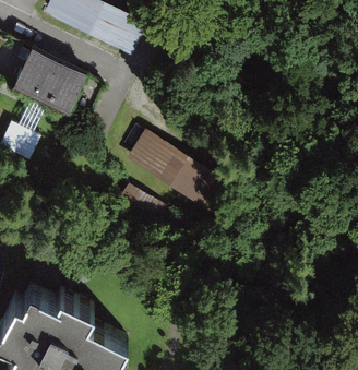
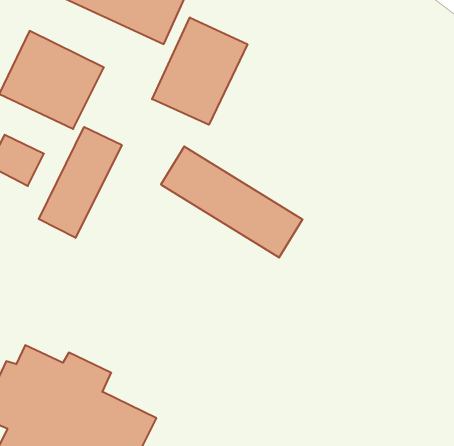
building: none -> [152,17,247,125]
building: none -> [39,127,122,238]

